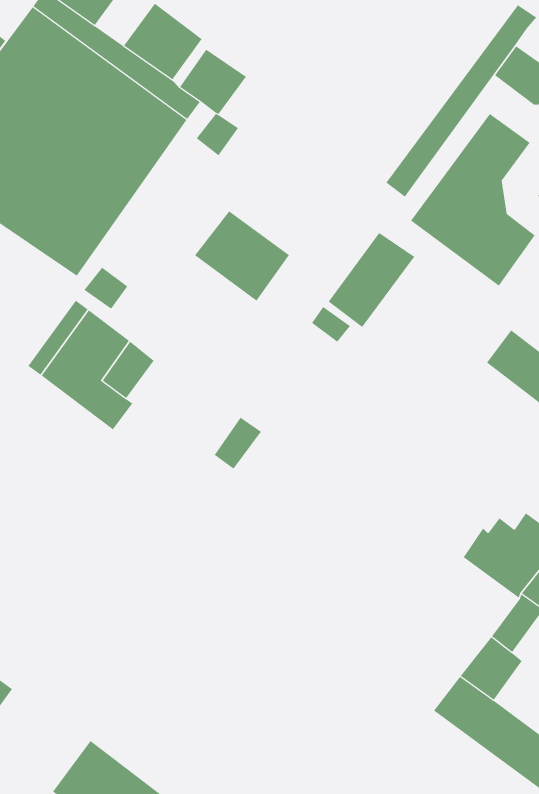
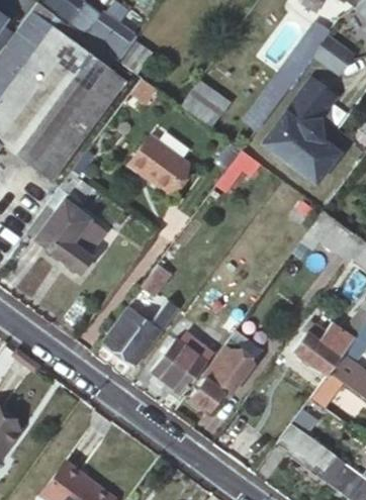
building: none -> [180,81,231,129]
building: none -> [102,302,178,366]
building: none -> [189,331,261,410]
building: none -> [151,339,207,395]

